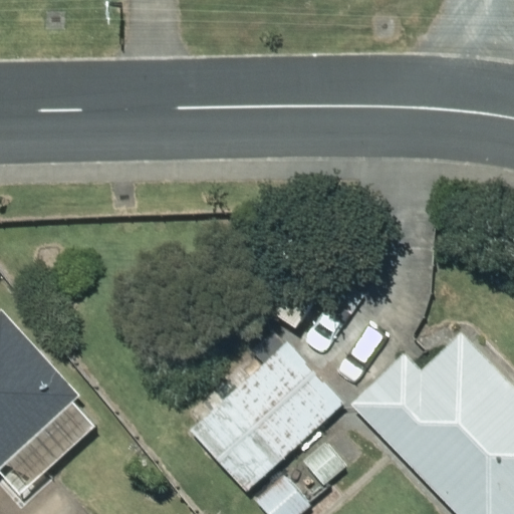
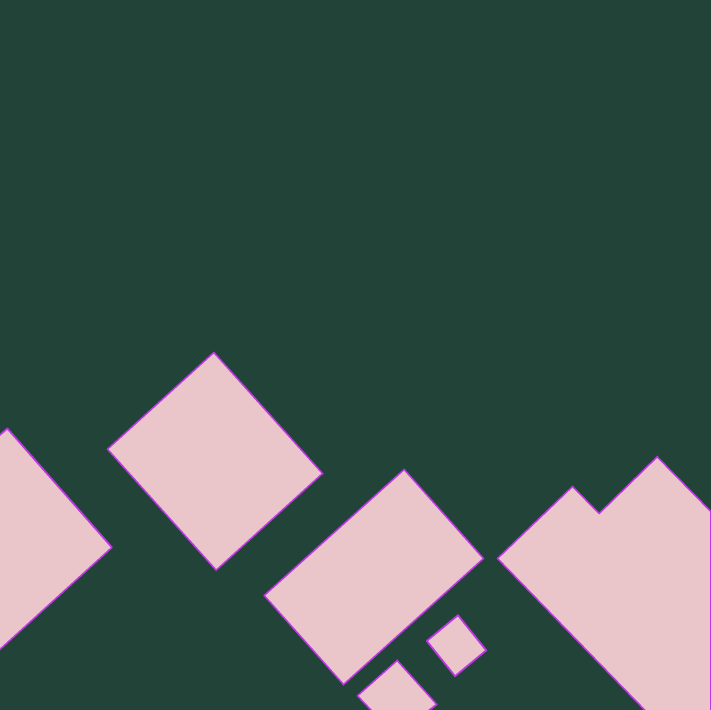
building: none -> [108,353,323,570]

